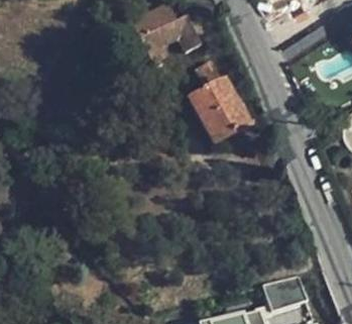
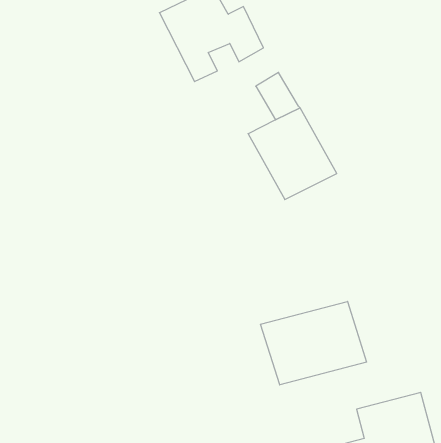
building: none -> [261,301,367,385]

